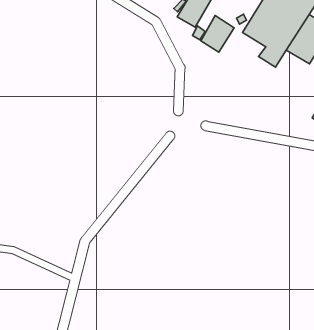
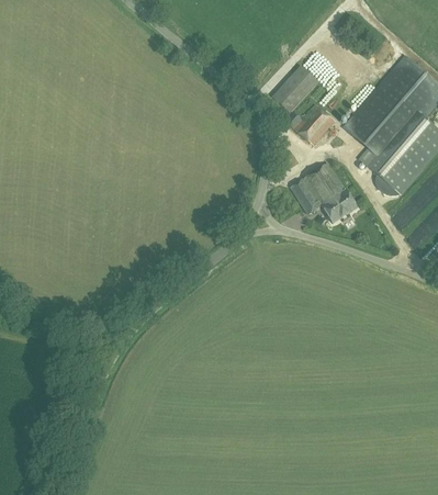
building: none -> [379,164,408,193]
building: none -> [291,162,358,223]

